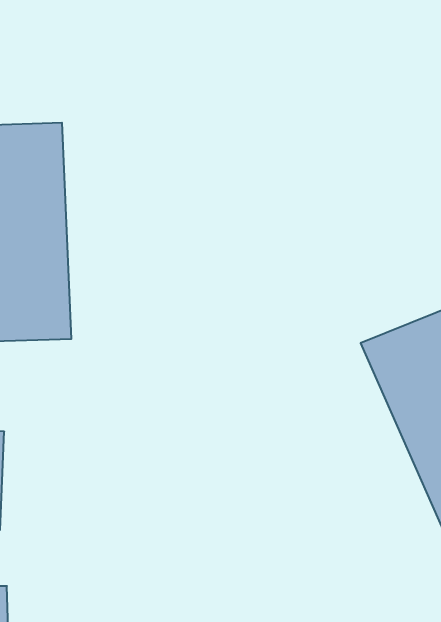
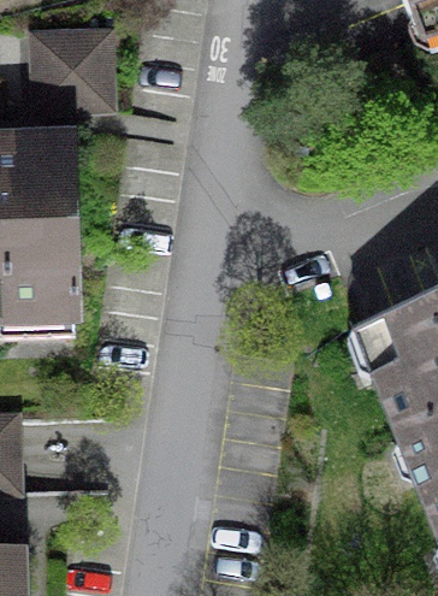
building: none -> [35,31,114,112]

